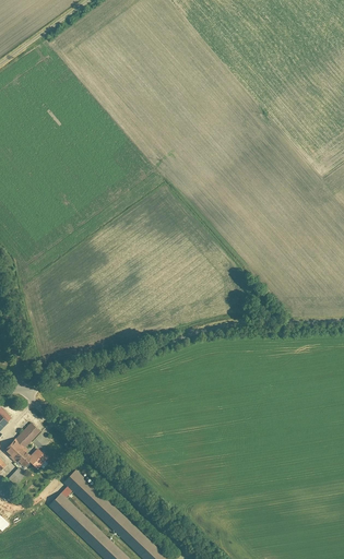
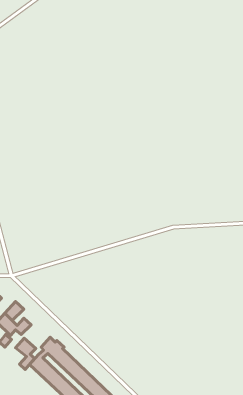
building: none -> [15,338,36,370]

